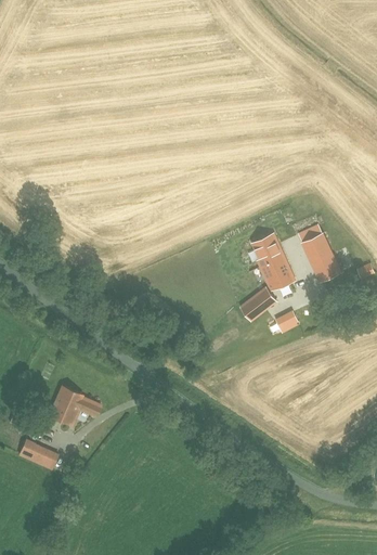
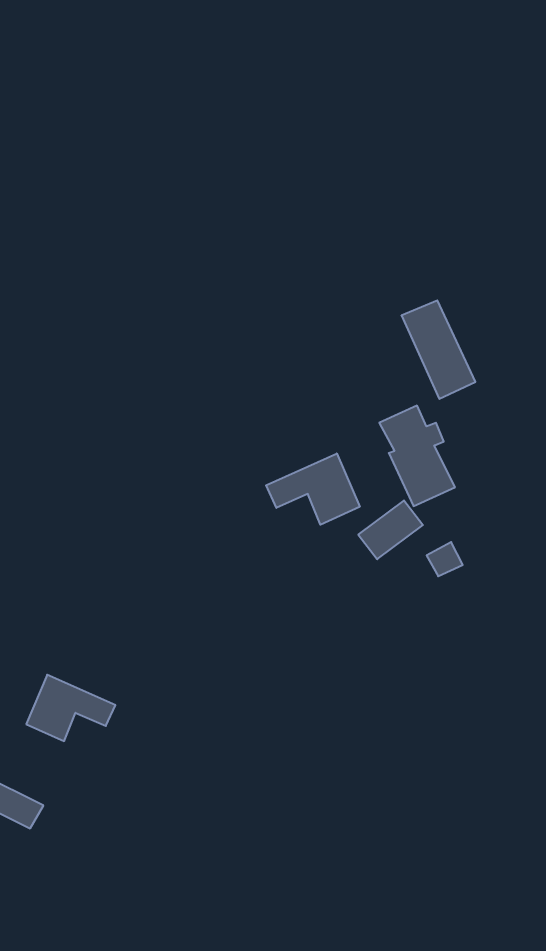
building: [298,224,340,281] -> [401,300,475,399]
building: none -> [266,453,360,525]

